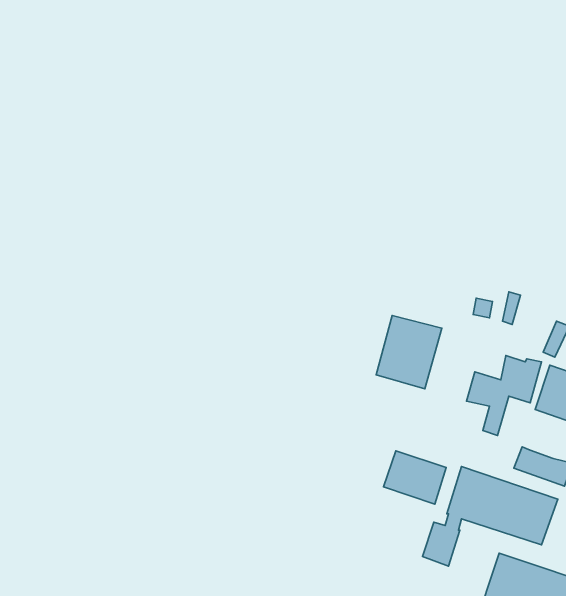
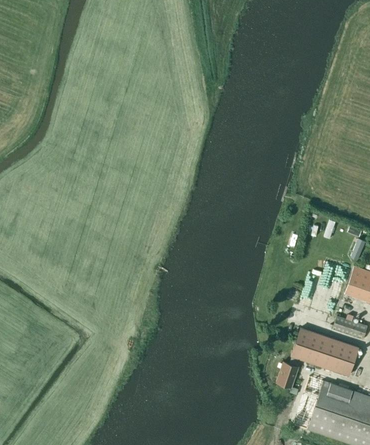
building: [376,316,442,389] -> none
building: [383,451,446,504] -> none

